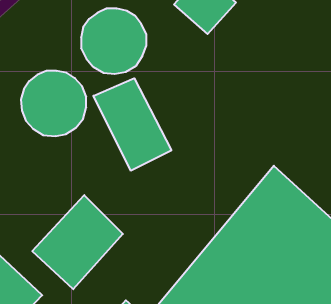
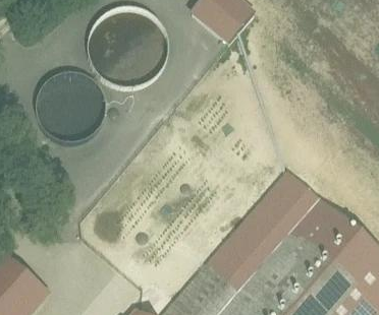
building: [93,78,171,171] -> none
building: [32,195,123,289] -> none

